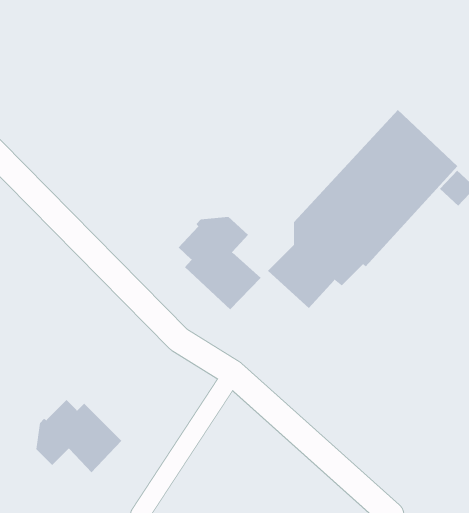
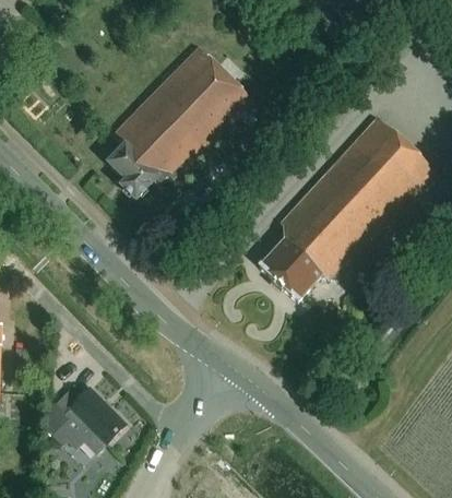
building: none -> [107,45,252,197]
building: [178,216,262,310] -> none

